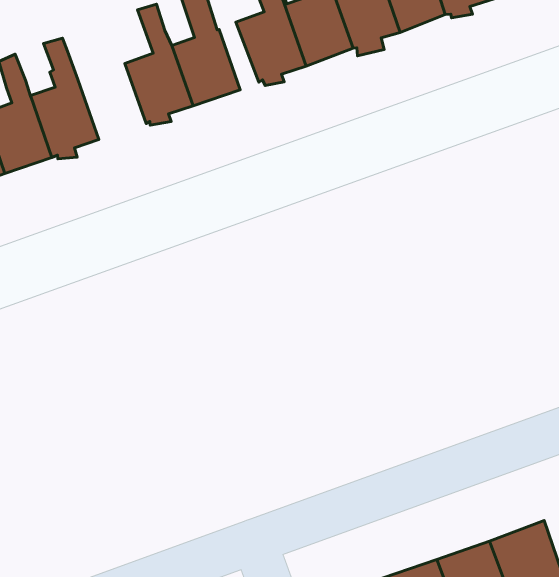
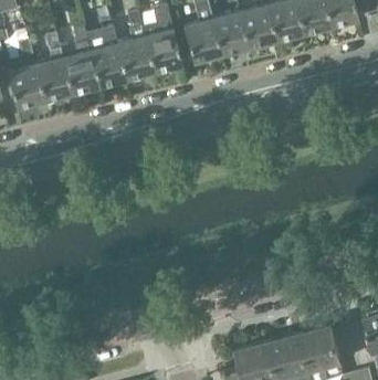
building: none -> [84,28,125,86]

